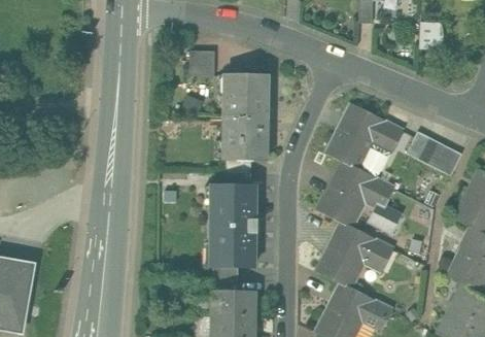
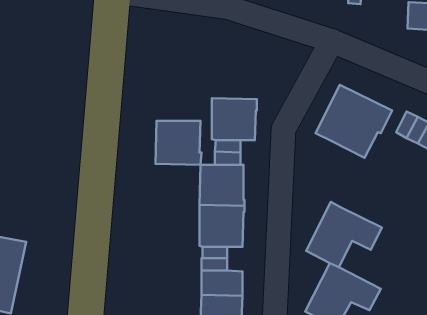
building: [188,50,213,75] -> none
building: [221,74,268,119] -> [155,121,202,165]
building: [317,161,402,233] -> none

